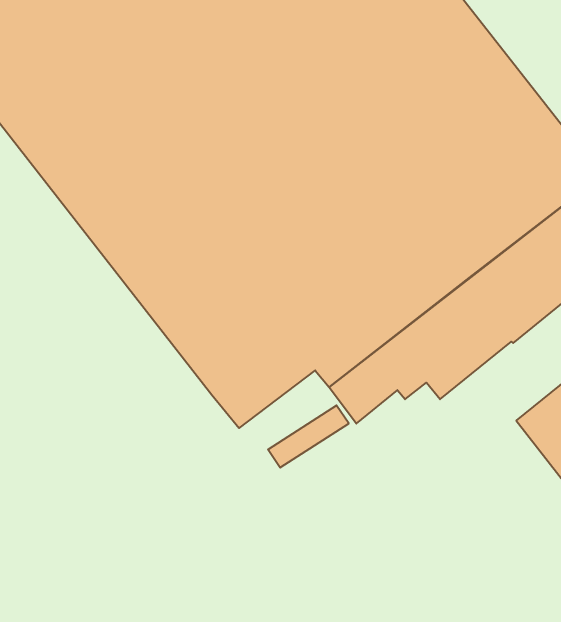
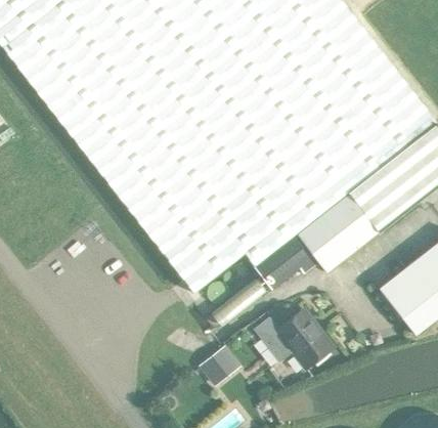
building: none -> [254,308,336,369]
building: none -> [202,341,245,383]

